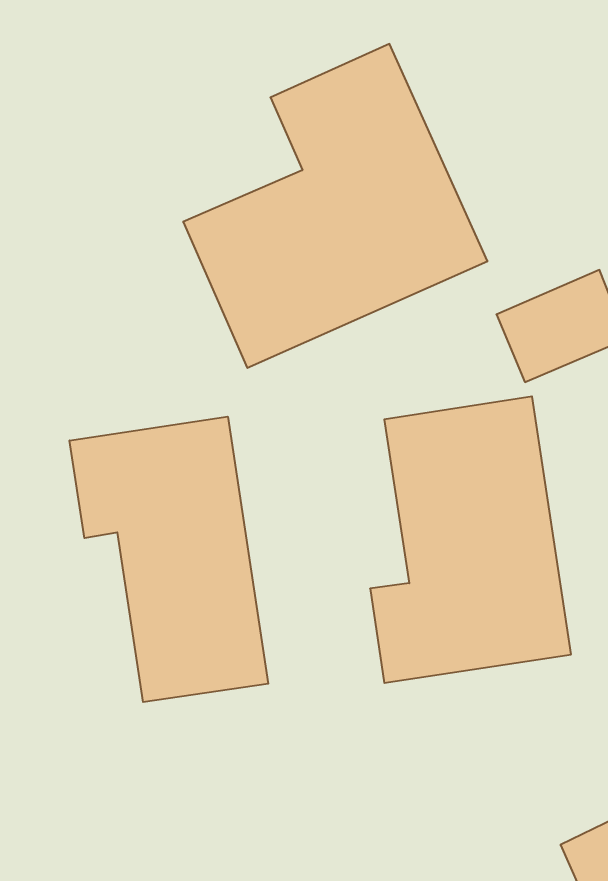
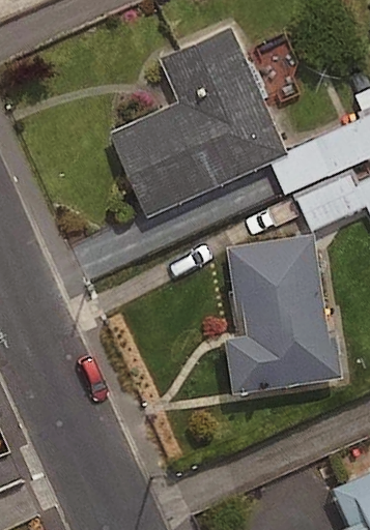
building: [70,417,268,702] -> none

